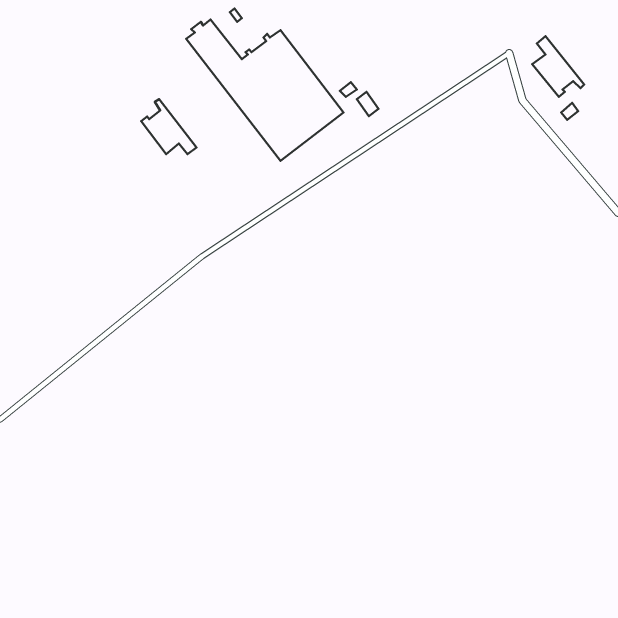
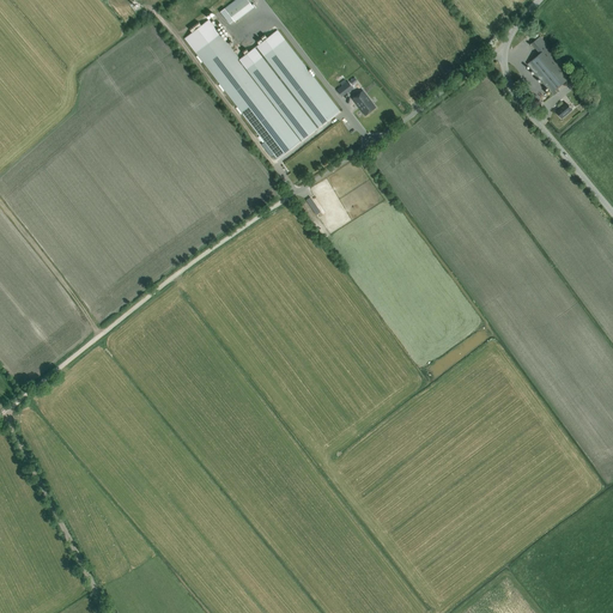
building: [141,99,197,154] -> none

